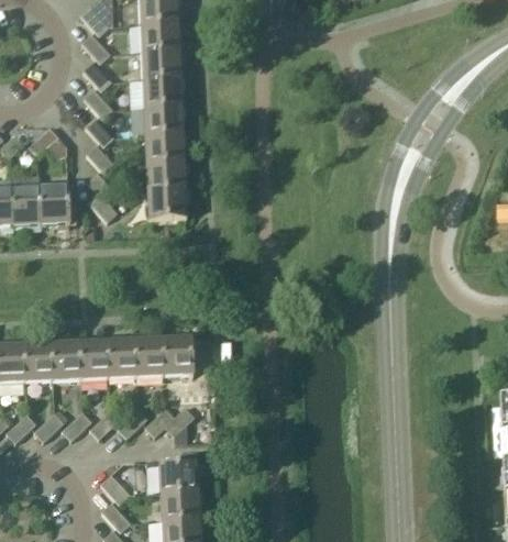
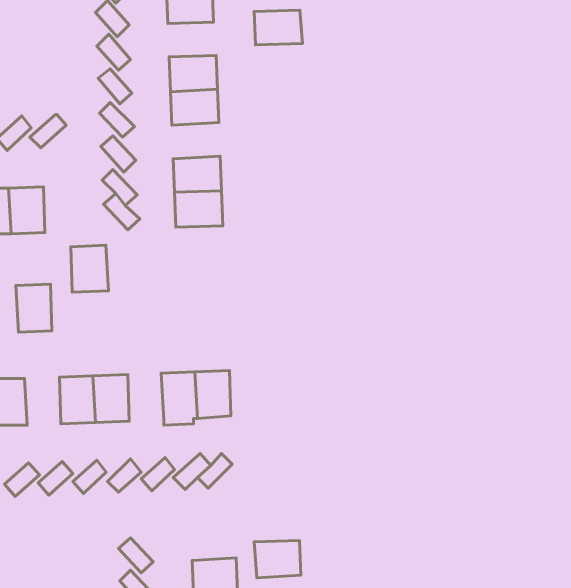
building: [142,52,181,80] -> [254,10,302,45]
building: [145,134,185,164] -> none
building: [40,186,70,224] -> [71,245,108,292]
building: [109,340,139,384] -> none
building: [24,343,54,383] -> [16,284,52,332]
building: [159,463,198,494] -> [254,540,301,578]

